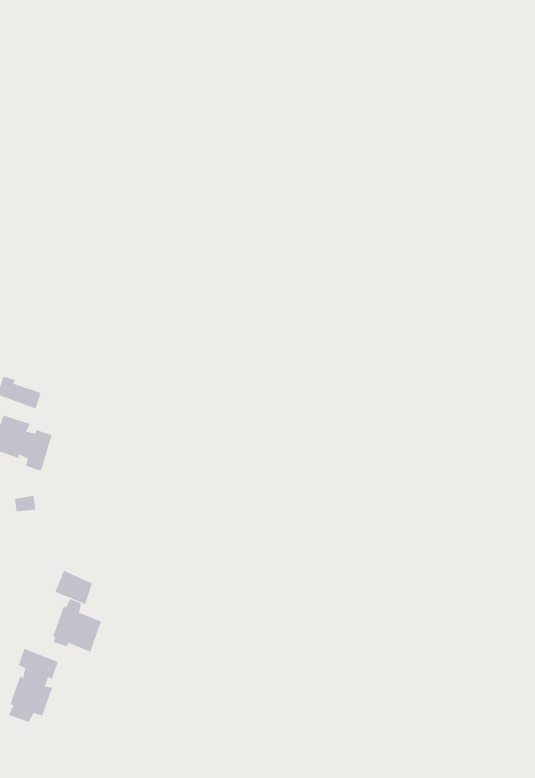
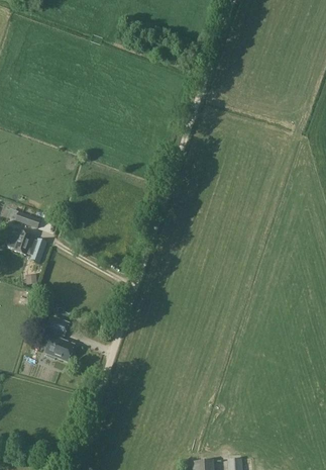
building: [8,648,58,723] -> none

